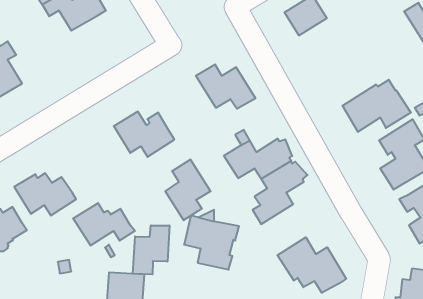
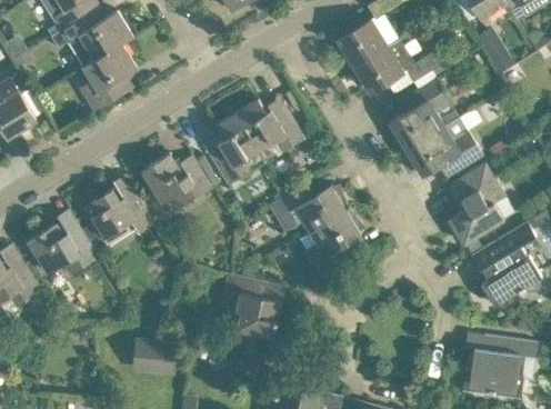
building: none -> [354,38,443,92]
building: none -> [78,43,137,111]
building: none -> [389,78,450,147]
building: [165,160,211,220] -> [207,112,259,182]
building: [73,203,135,245] -> [83,188,154,237]
building: [133,225,169,274] -> none
building: [277,237,346,293] -> none

